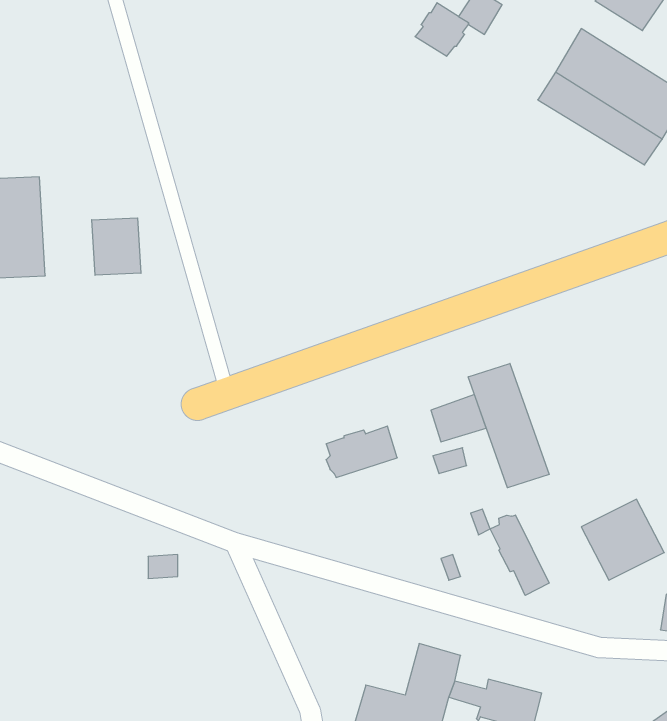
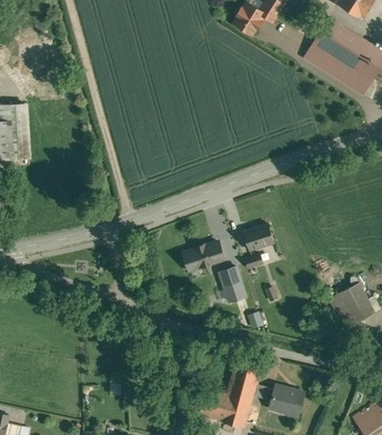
building: [92,218,141,275] -> none
building: [468,363,549,488] -> none
building: none -> [219,267,245,301]
building: [490,515,549,595] -> none

